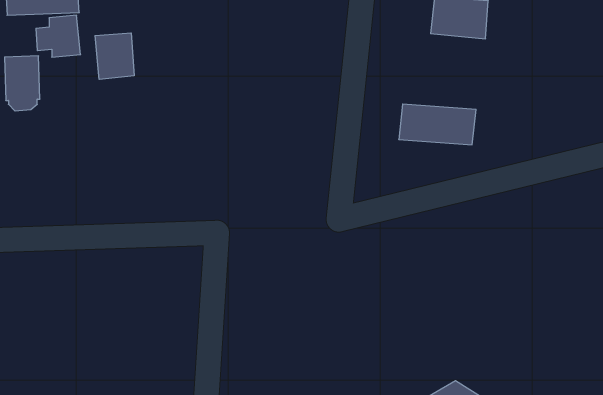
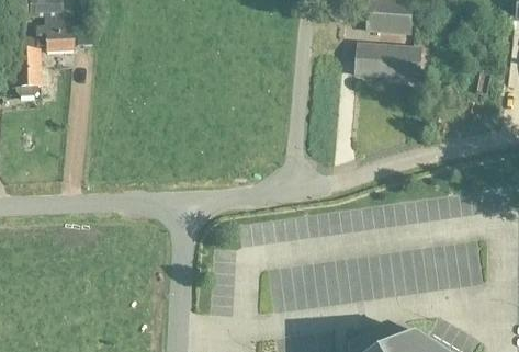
building: [95,33,134,79] -> none
building: [399,104,476,145] -> [357,45,421,79]

